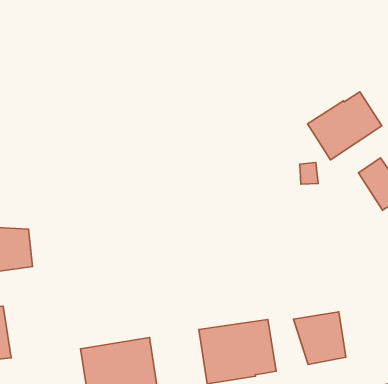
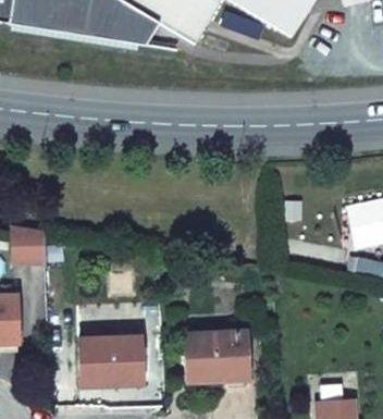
building: [307,92,382,160] -> none
building: [294,312,346,365] -> none

